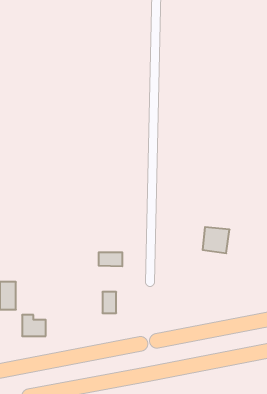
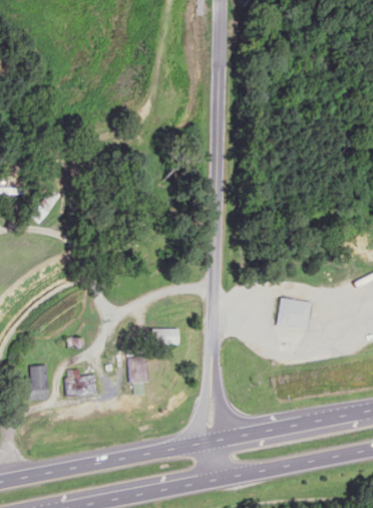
building: [102,292,116,313] -> [128,355,145,382]
building: [22,315,46,336] -> [67,369,96,396]

